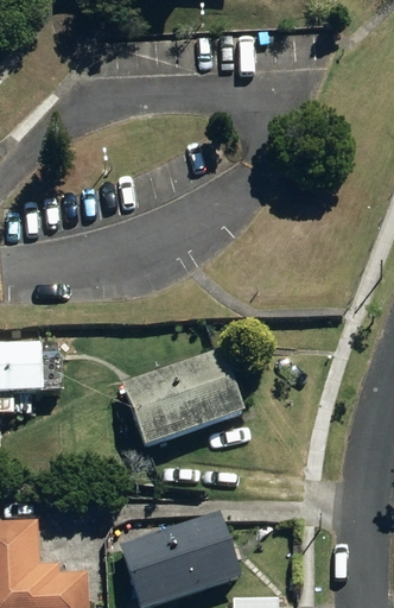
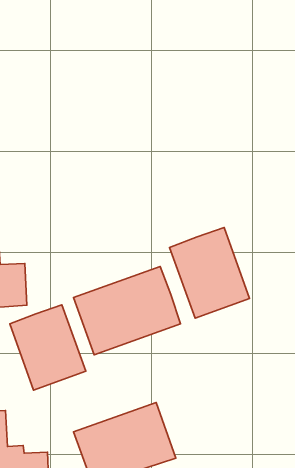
building: none -> [170,228,250,318]
building: none -> [10,305,86,390]

